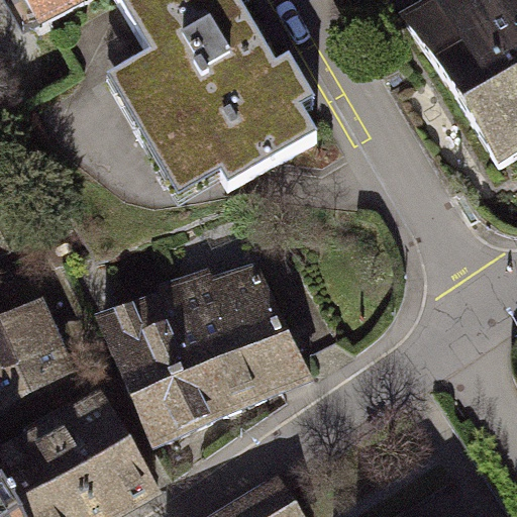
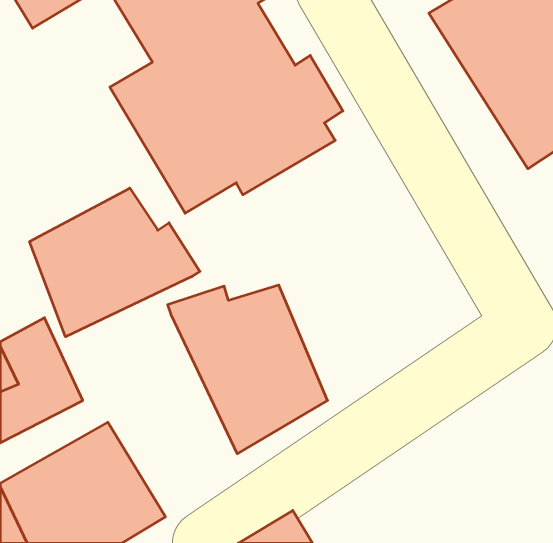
building: none -> [30,188,200,337]
building: [88,292,223,453] -> none

